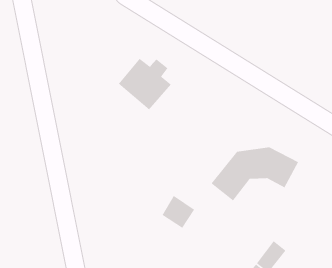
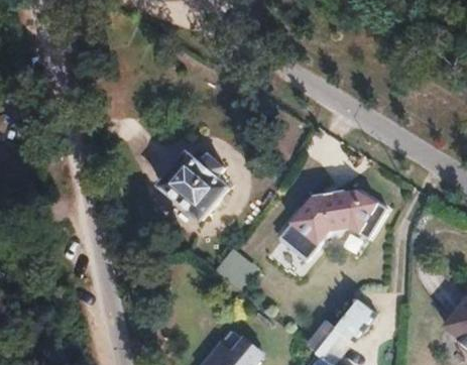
building: [118,58,172,110] -> [161,153,229,219]

